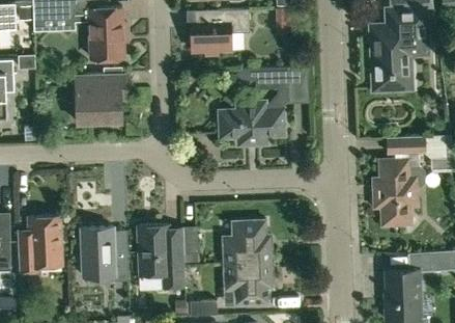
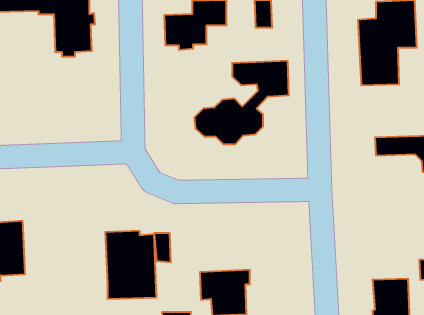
building: [74,74,124,124] -> none
building: [373,161,423,224] -> none
building: [223,221,271,264] -> none
building: [80,227,127,281] -> none

